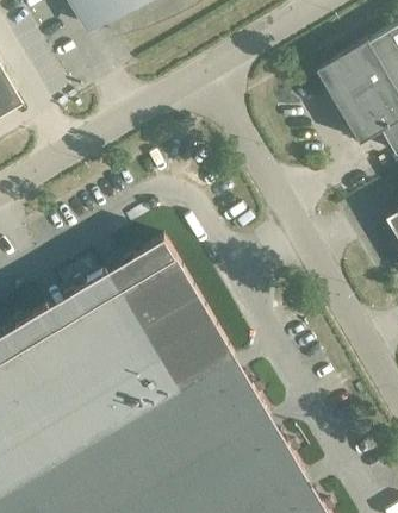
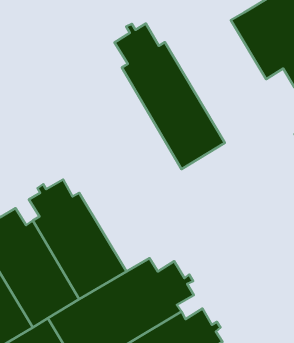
building: none -> [115,24,225,169]
building: [122,237,235,387] -> none

